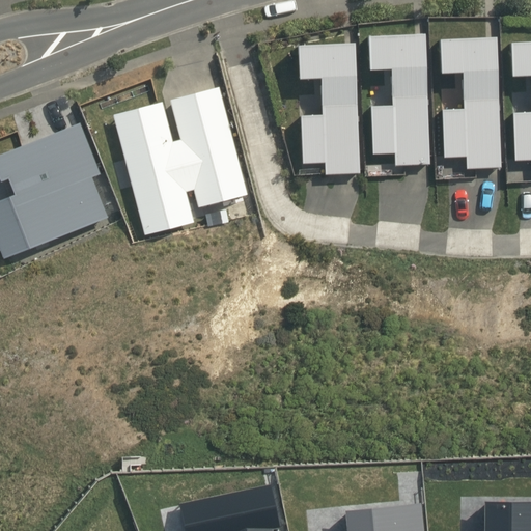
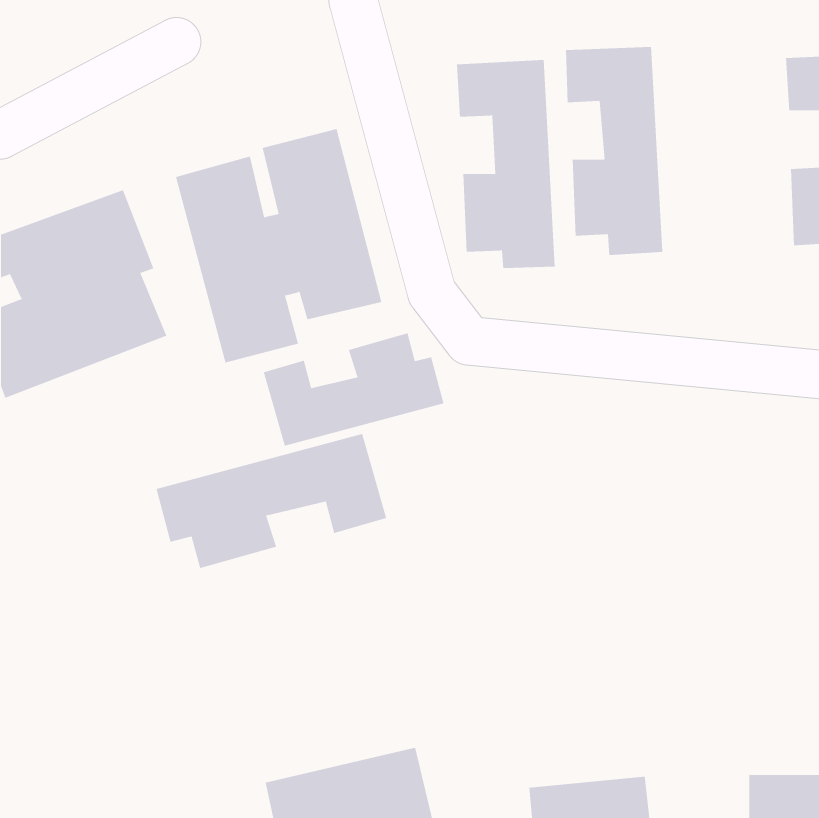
building: [437,34,502,170] -> none
building: none -> [263,333,444,446]
building: none -> [156,433,387,569]

